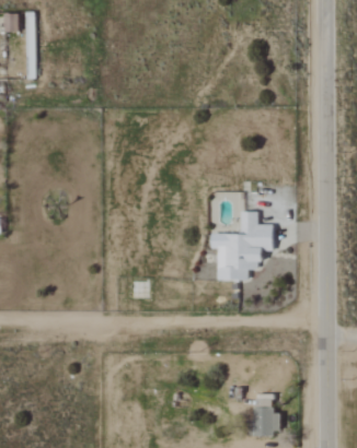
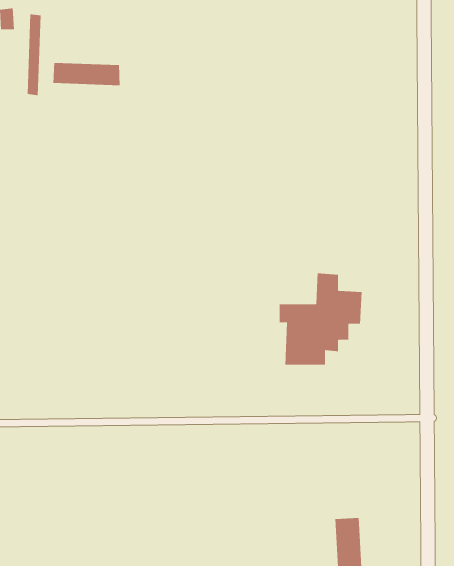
building: none -> [53,62,120,86]

